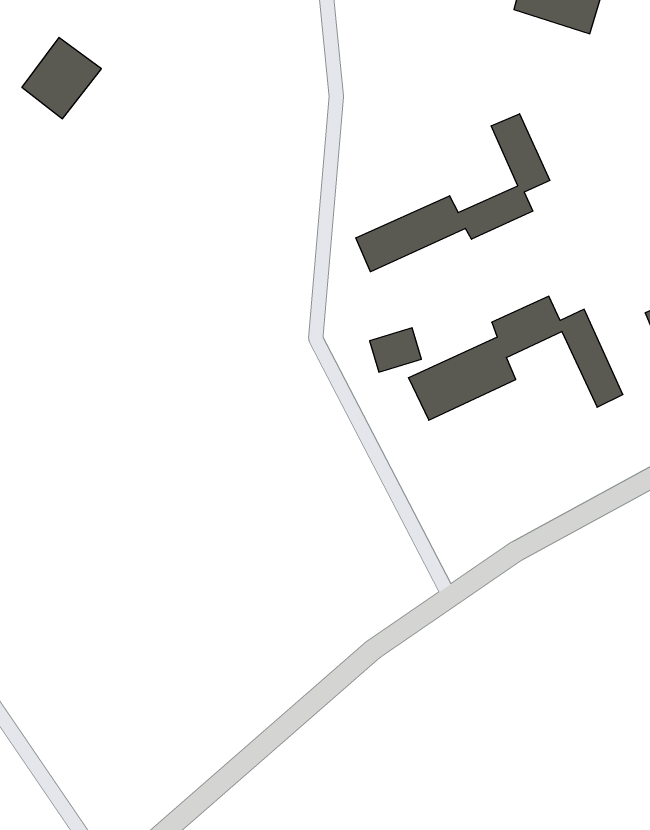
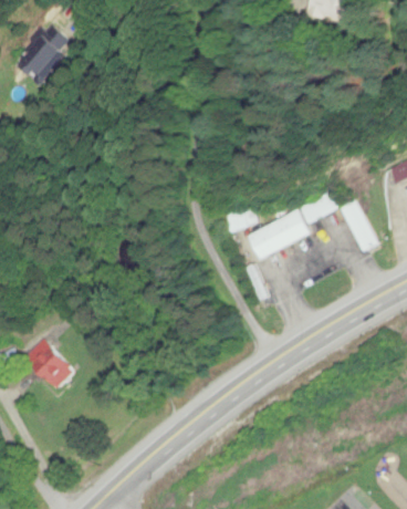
building: [356,114,550,272] -> none
building: none -> [23,337,74,388]

